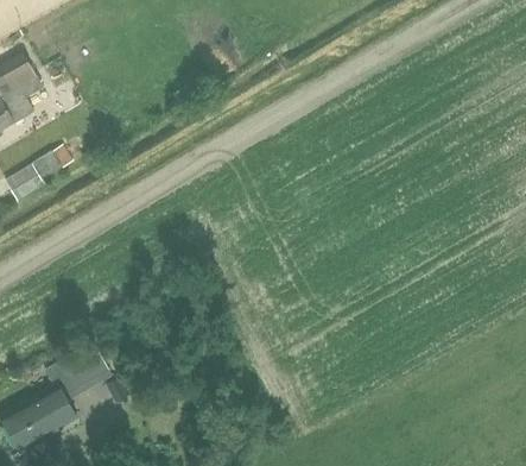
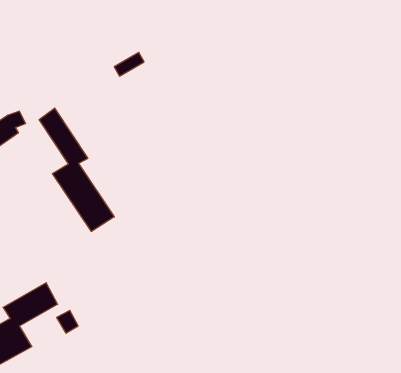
building: none -> [39,108,114,231]

